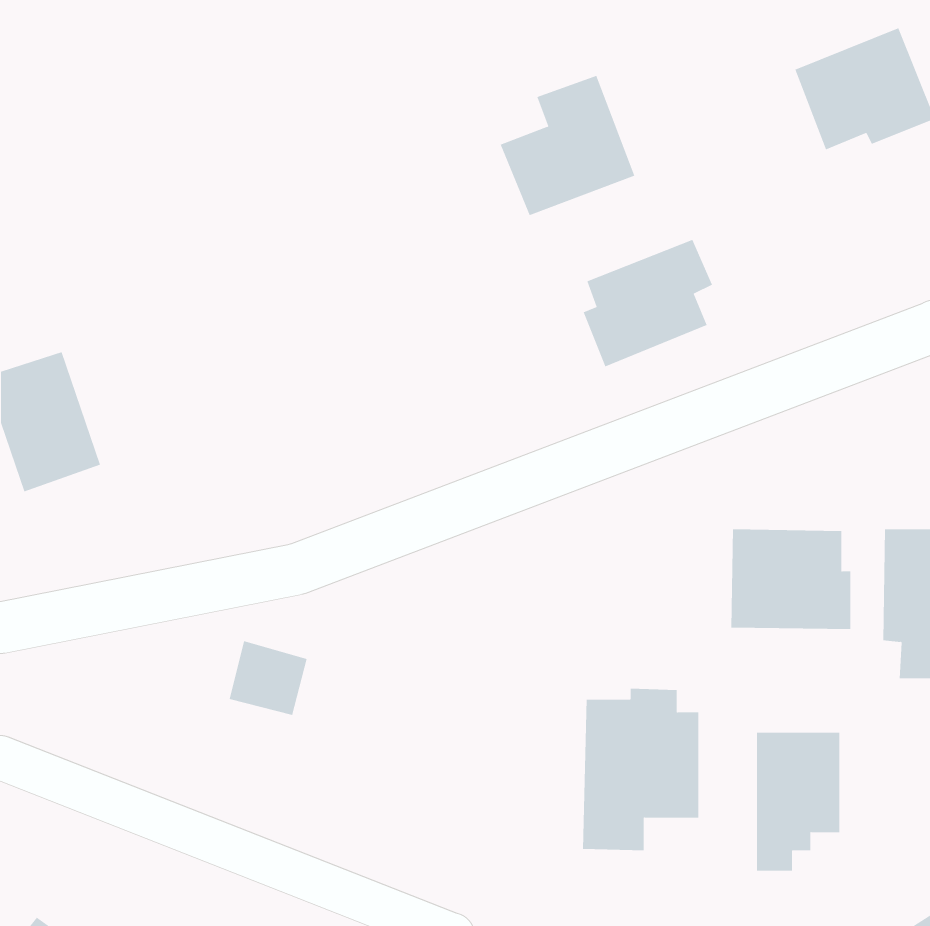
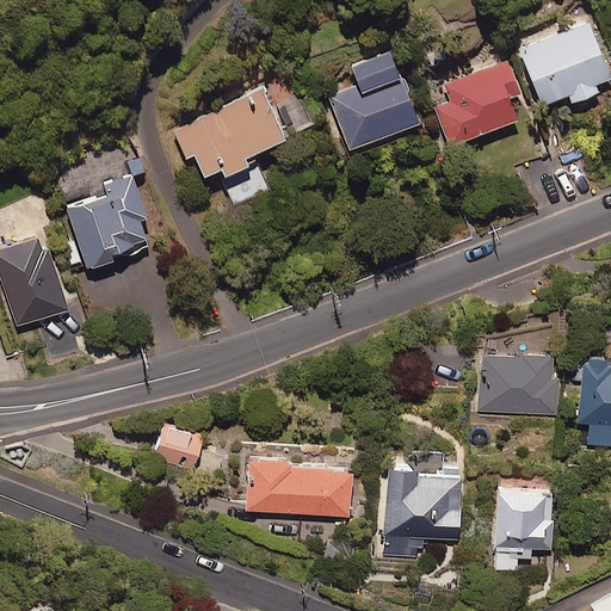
building: none -> [175,85,314,203]
building: [583,239,713,367] -> [436,62,520,146]
building: none -> [67,179,149,271]
building: none -> [245,453,351,516]

